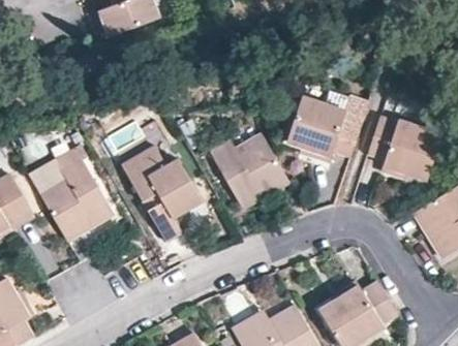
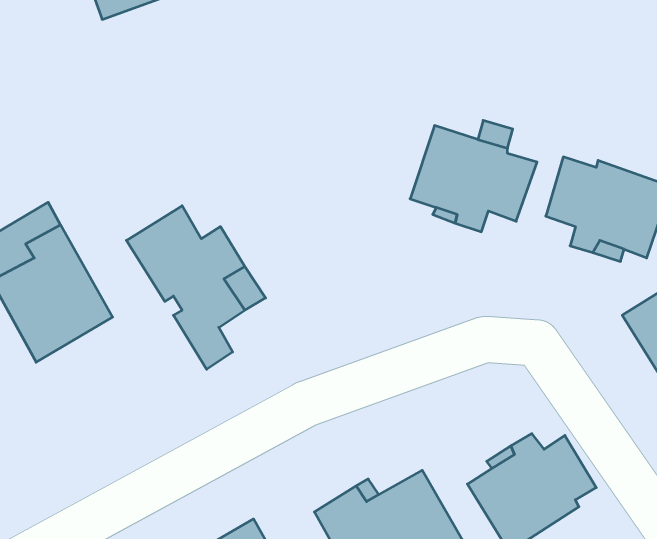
building: [211,132,291,207] -> none

